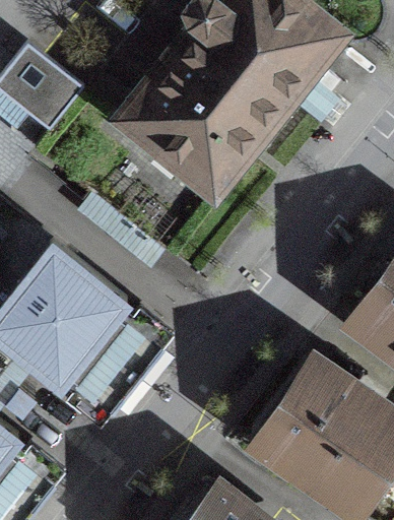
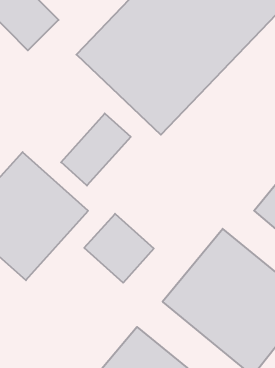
building: none -> [61,113,131,186]
building: none -> [84,214,154,283]

